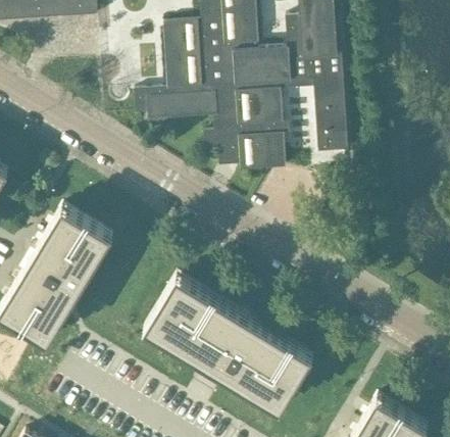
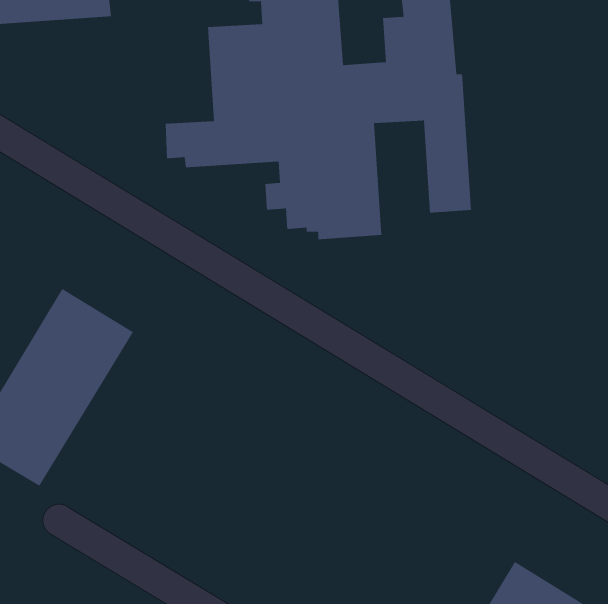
building: [144,272,313,408] -> none

